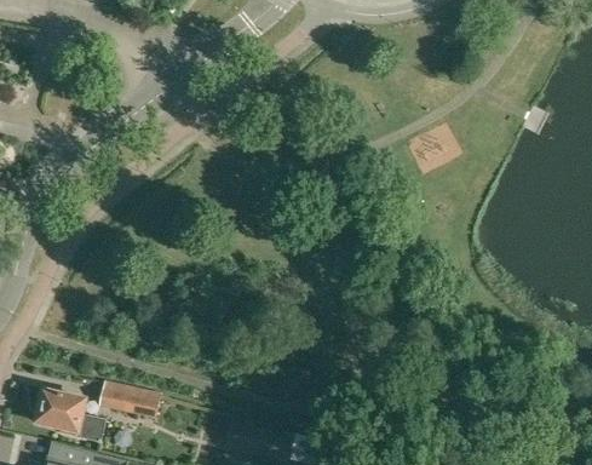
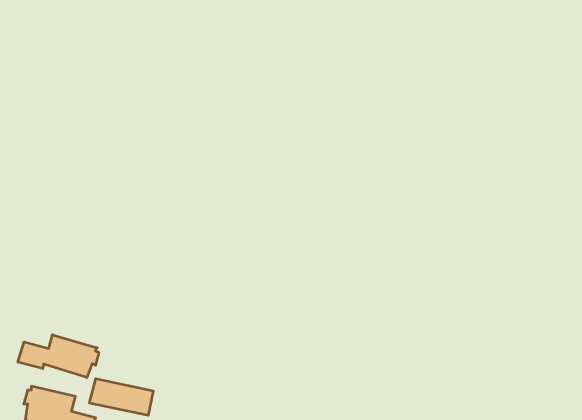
building: none -> [18,335,99,378]

